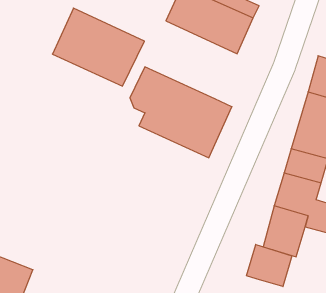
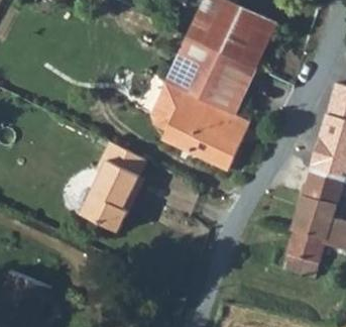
building: [52,8,144,86] -> [162,37,255,116]
building: none -> [81,142,145,233]
building: [247,244,292,287] -> none

